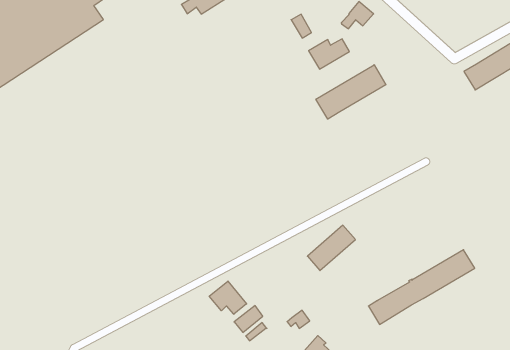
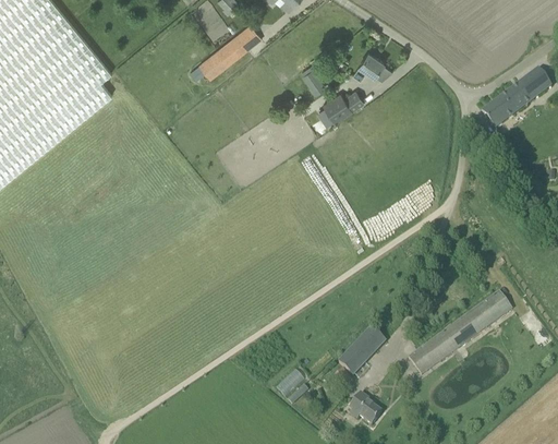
building: [316,65,386,119] -> none
building: [307,225,355,271] -> [338,327,385,375]
building: [209,281,247,314] -> none

